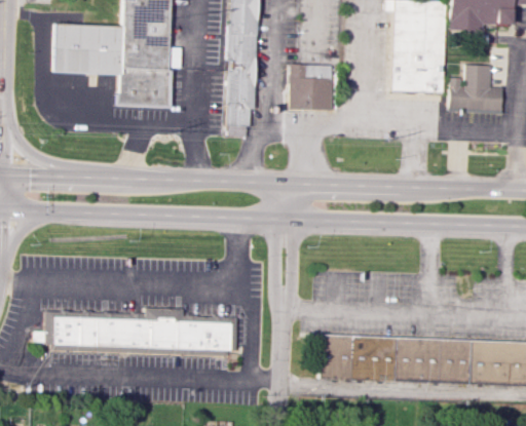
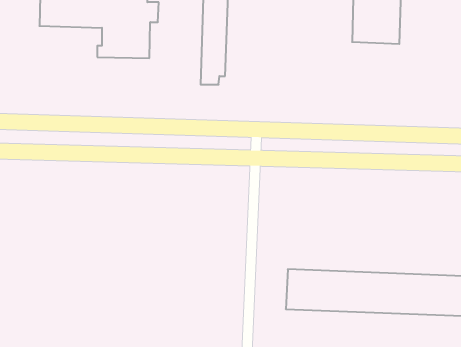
building: [290,64,333,110] -> none
building: [449,64,503,112] -> none
building: [31,306,239,358] -> none

